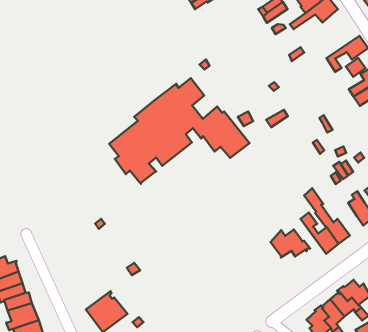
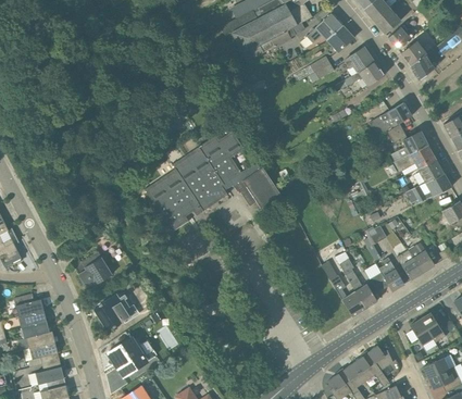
building: none -> [78,257,112,286]
building: [270,230,310,258] -> none
building: none -> [93,292,140,329]

